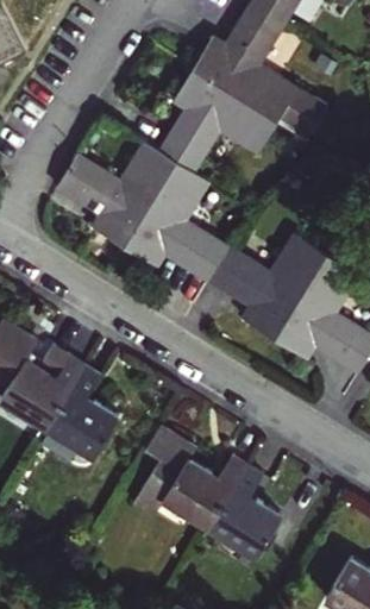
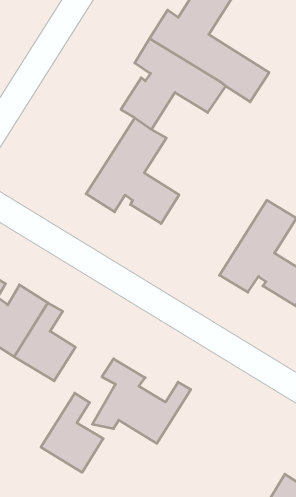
building: [58,140,177,245] -> none
building: [207,233,326,337] -> none
building: [202,465,272,554] -> [41,393,103,472]

